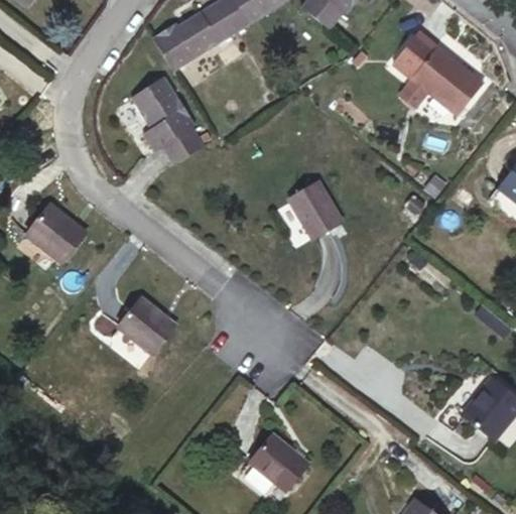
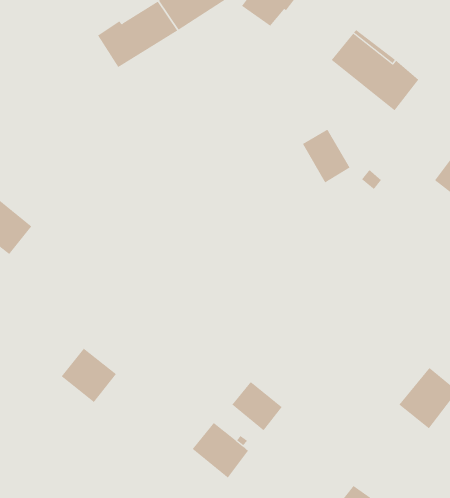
building: [131,76,204,164] -> none
building: [290,182,340,238] -> [302,129,350,183]
building: [118,297,175,354] -> [61,348,117,403]
building: none -> [232,381,283,431]

